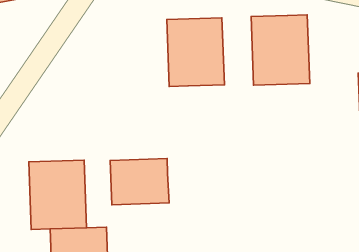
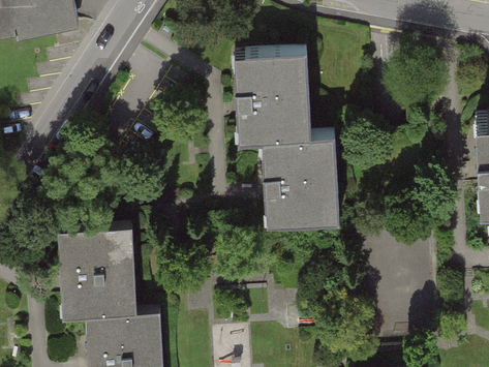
building: [251,15,310,85] -> [264,133,337,221]
building: [110,158,169,205] -> none

